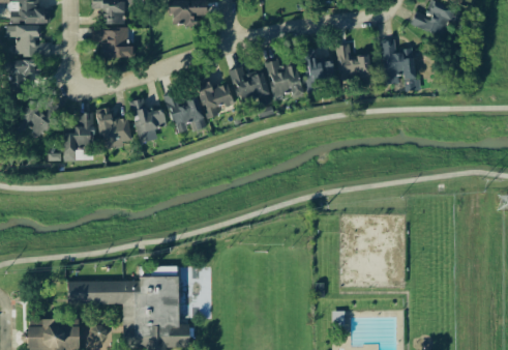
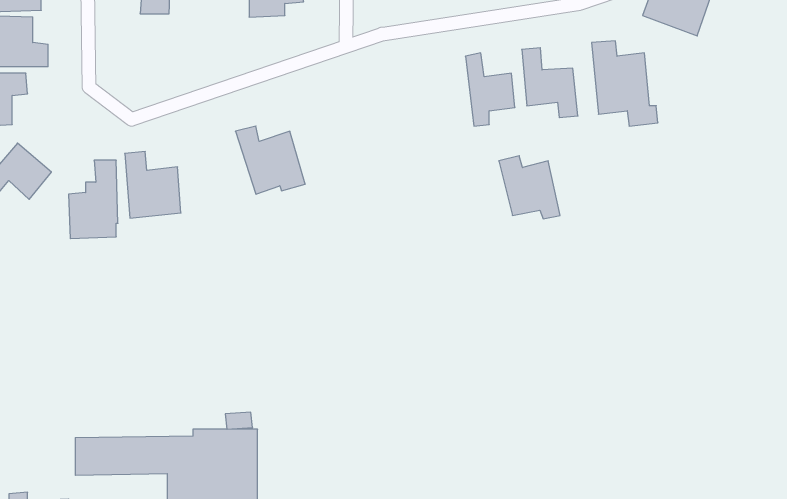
building: [94,29,136,57] -> none
building: [266,59,303,97] -> [499,156,560,219]
building: [232,66,271,107] -> none
building: [197,81,234,119] -> none
building: [131,98,167,143] -> none

